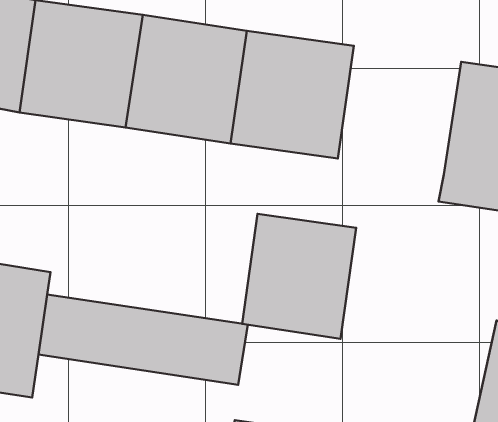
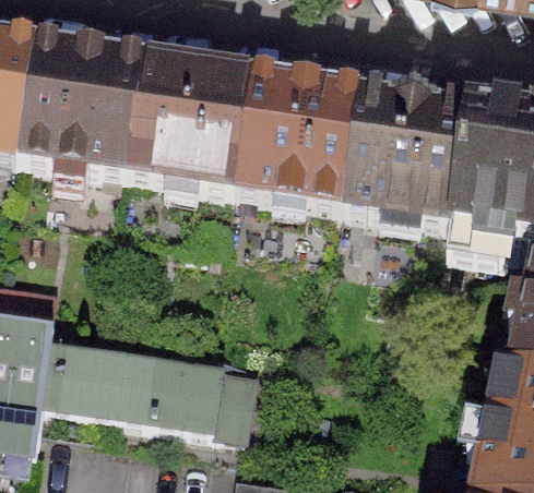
building: none -> [347,94,473,225]
building: [242,214,356,339] -> none

